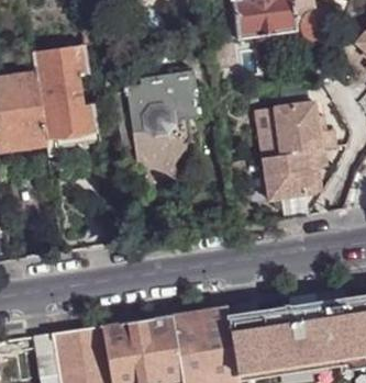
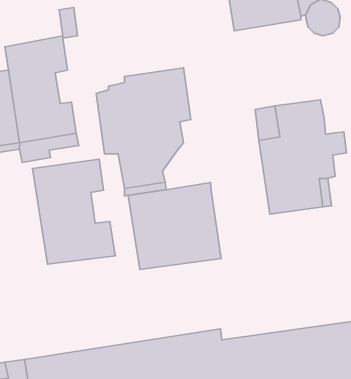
building: none -> [33,159,116,264]
building: none -> [128,183,221,269]

